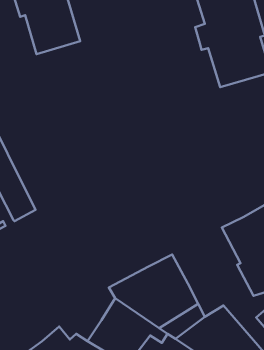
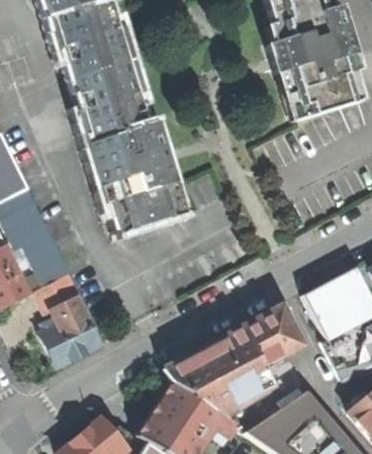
building: none -> [73,61,185,230]
building: none -> [42,272,102,367]
building: none -> [242,306,301,364]

